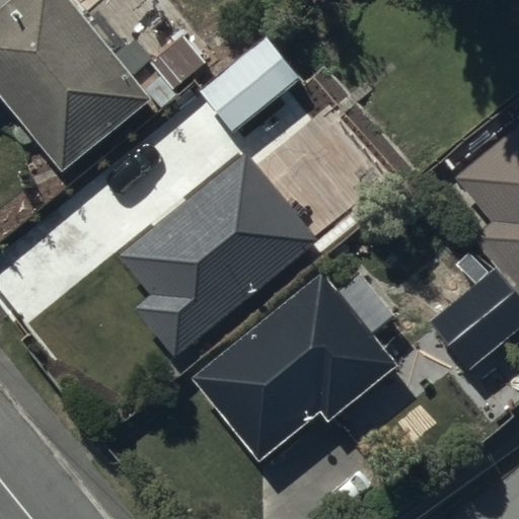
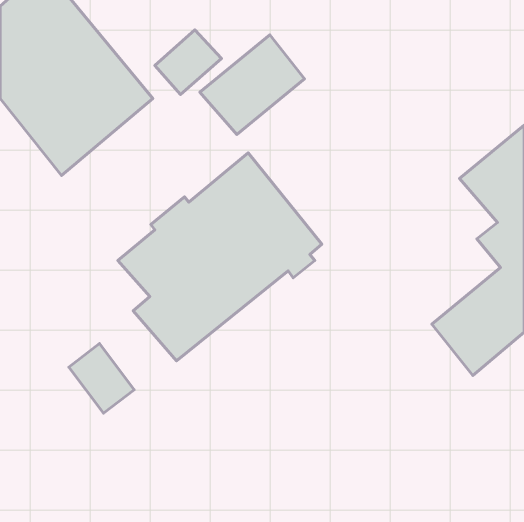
building: [191,267,398,463] -> none

